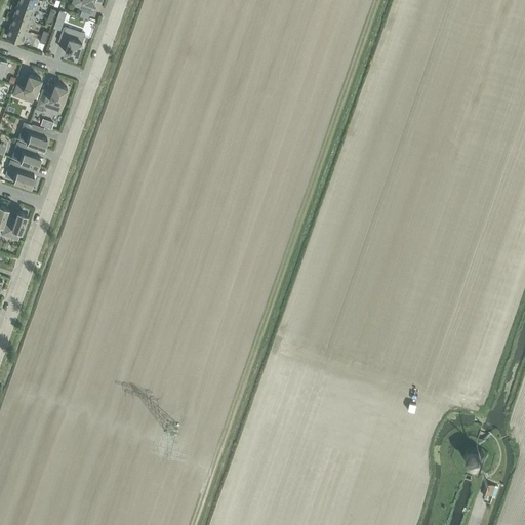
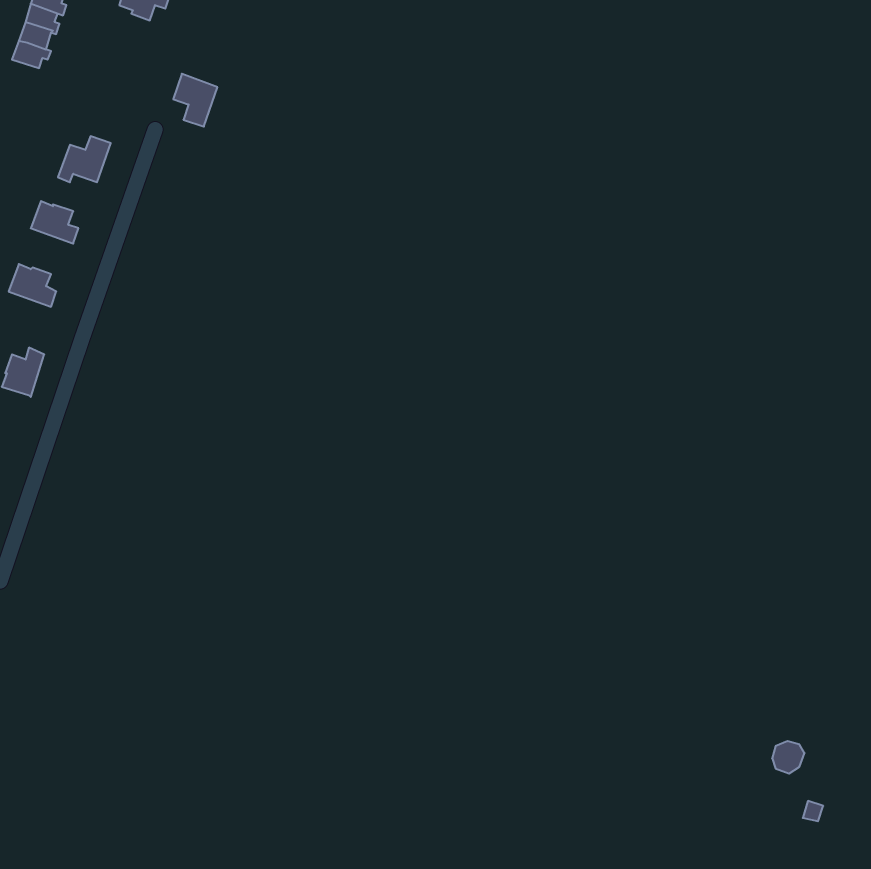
building: [58,25,85,56] -> [173,74,217,127]
building: [13,73,41,100] -> none
building: [11,140,41,166] -> none

